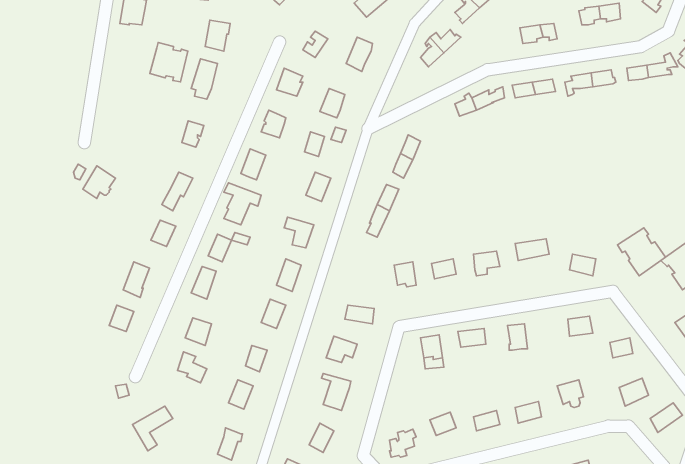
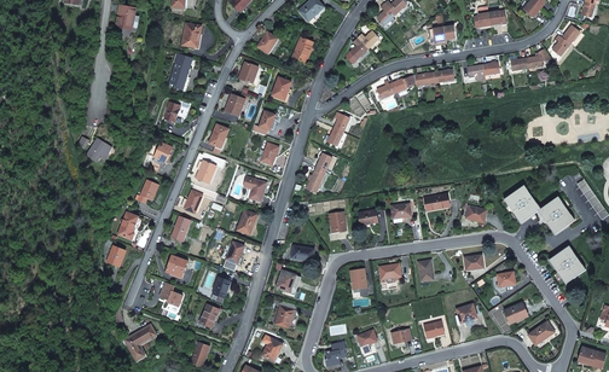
building: [150,42,188,82] -> none

